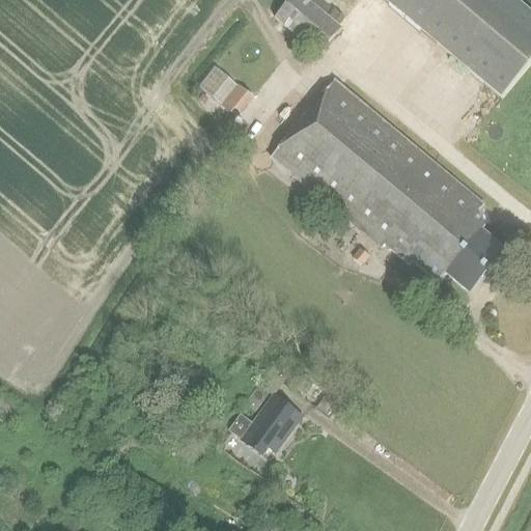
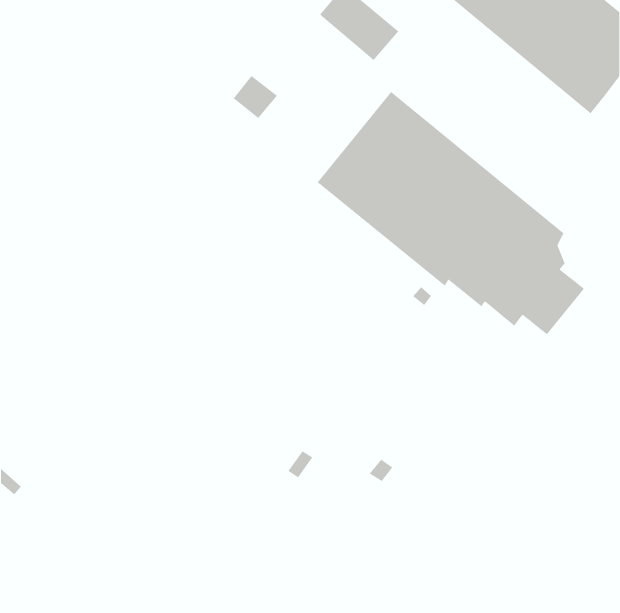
building: [221,82,253,115] -> none
building: [229,394,301,452] -> none

